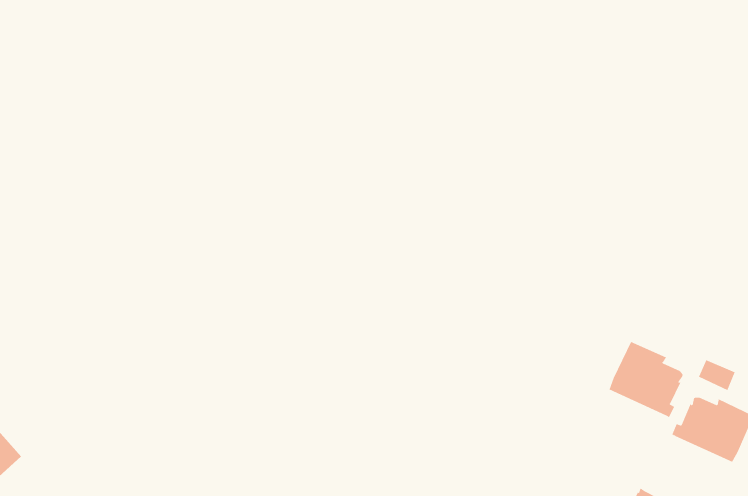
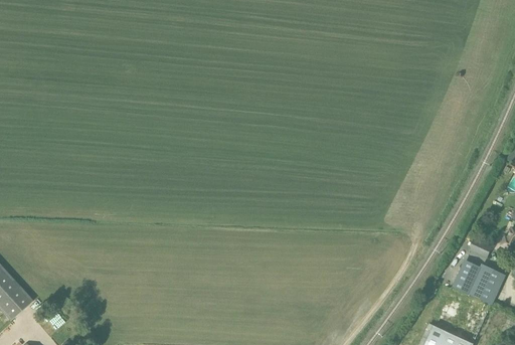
building: [609,341,683,418] -> none

